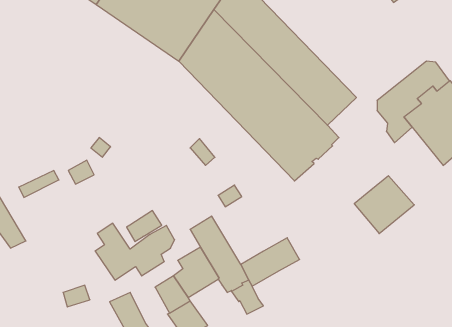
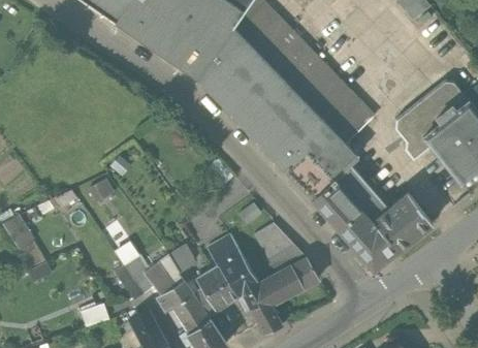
building: none -> [312,164,397,270]
building: none -> [254,222,306,270]
building: [127,211,162,242] -> [157,280,192,311]

